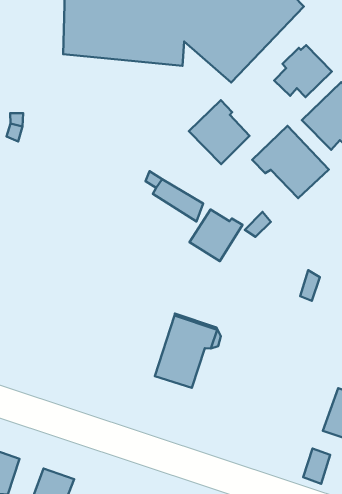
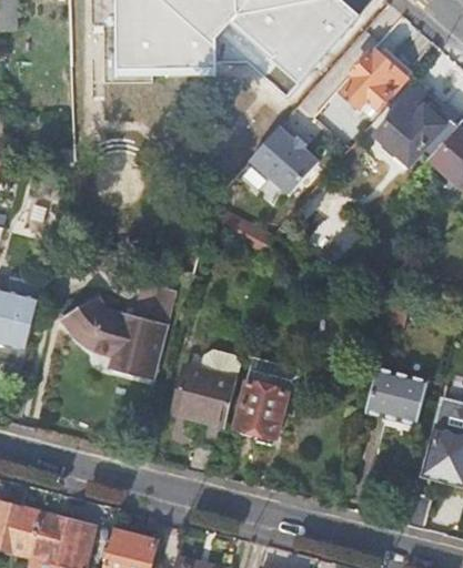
building: [252,126,329,198] -> none
building: [190,210,243,261] -> none
building: none -> [63,282,173,381]
building: none -> [173,351,240,424]
building: none -> [364,366,425,424]

